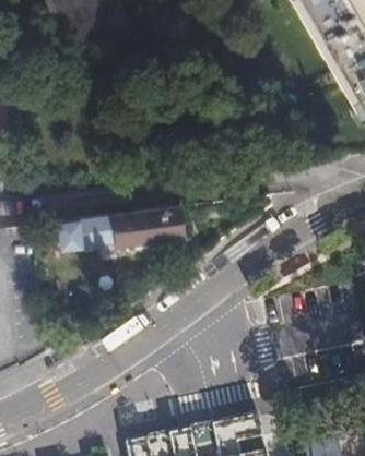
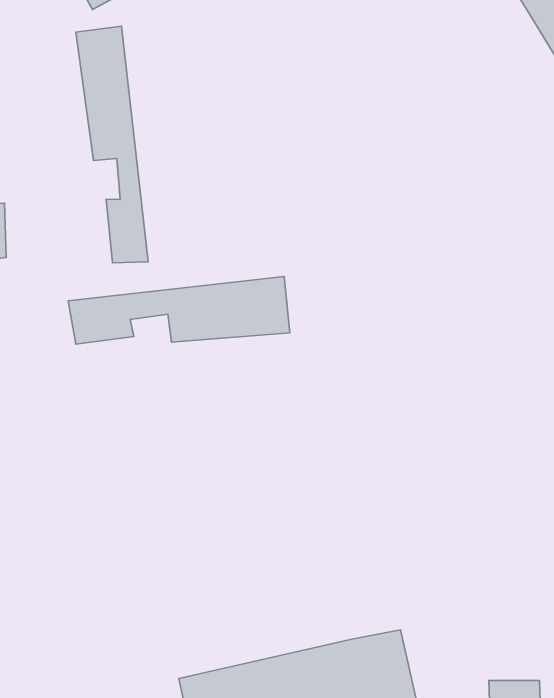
building: none -> [76,26,148,263]

